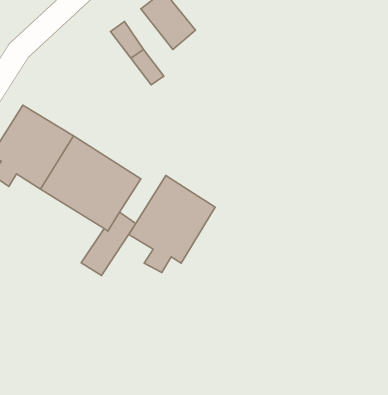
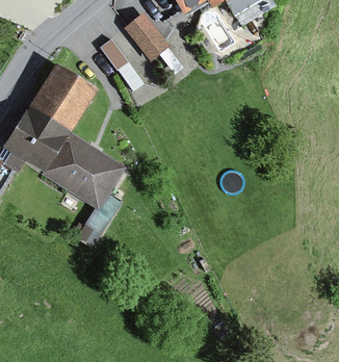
building: none -> [28,63,96,131]
building: [129,175,215,273] -> none

